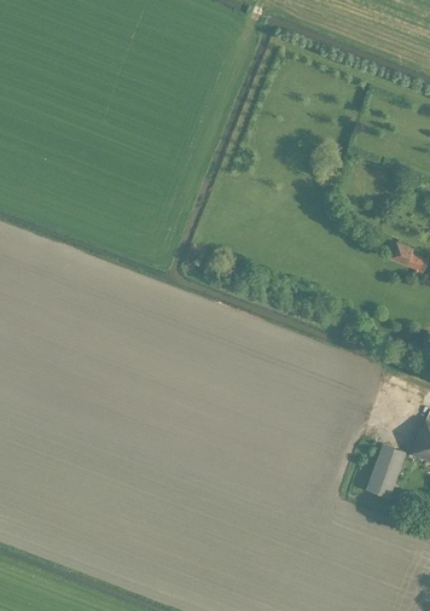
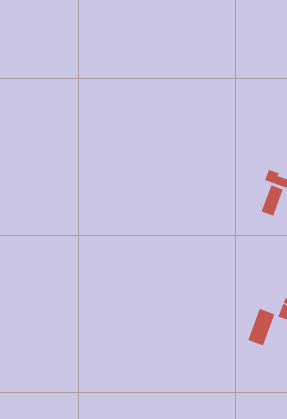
building: none -> [261,185,284,216]

